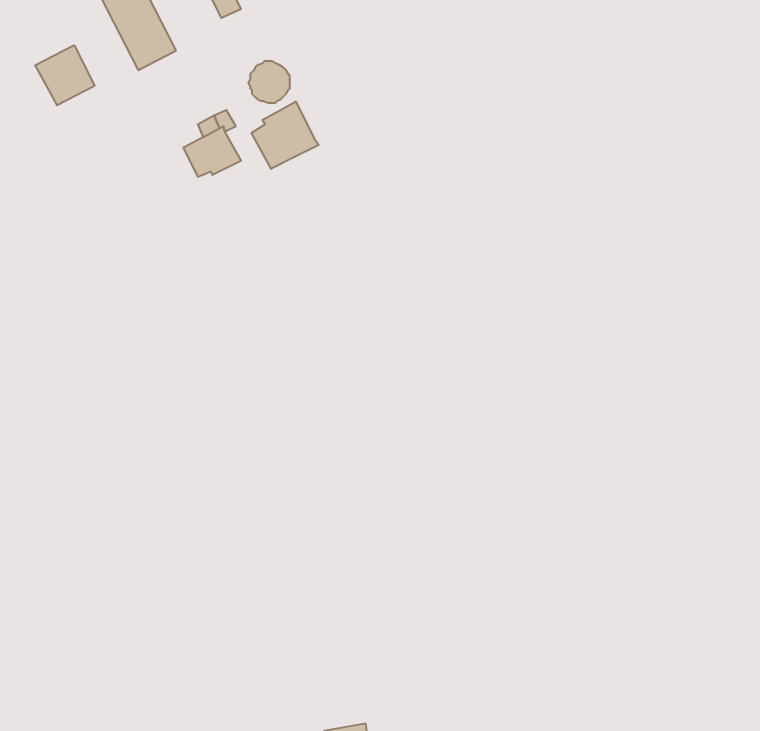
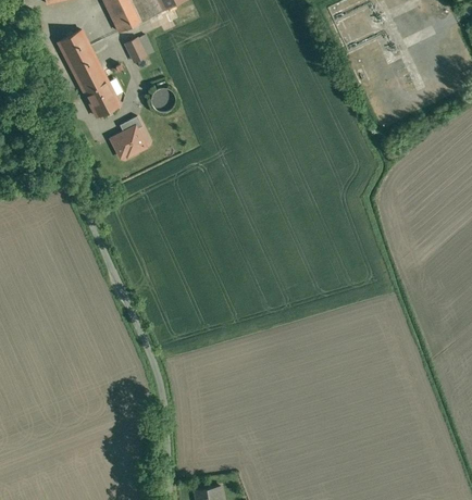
building: [35,46,95,105] -> [84,80,120,116]
building: [251,101,319,169] -> none

